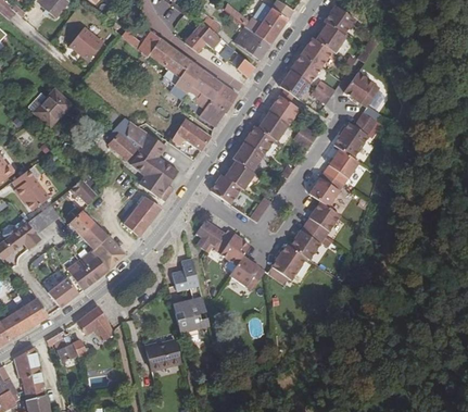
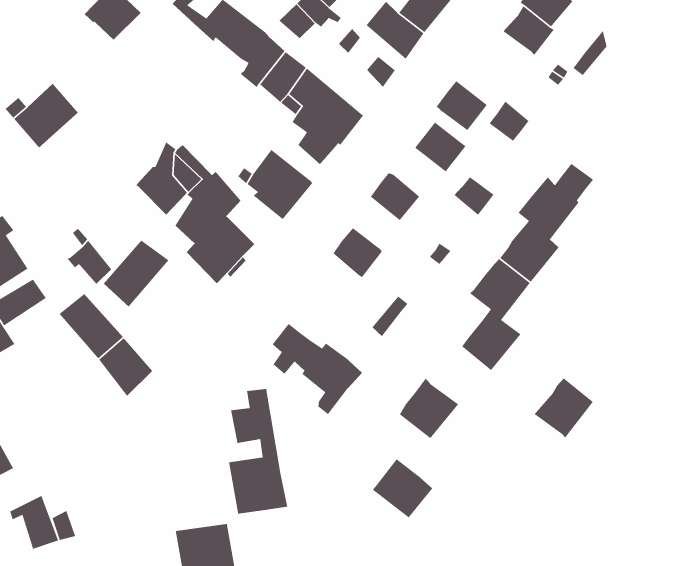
building: [290,37,332,83] -> none
building: [343,74,377,108] -> none
building: [257,111,288,140] -> none
building: [232,141,263,171] -> none
building: [211,174,241,203] -> none
building: [123,196,161,236] -> [103,240,169,308]
building: [288,225,322,261] -> [533,377,594,439]
building: [69,241,111,289] -> none
building: [227,254,263,289] -> [372,458,433,518]
building: [48,273,78,308] -> none
building: [75,304,114,340] -> none

